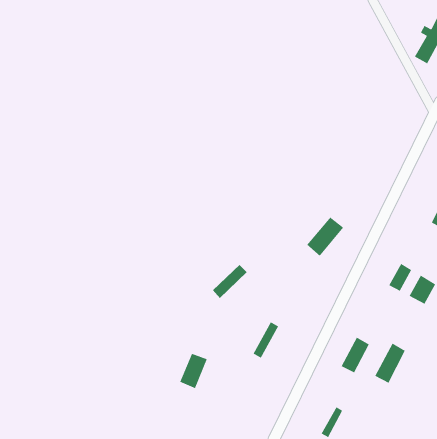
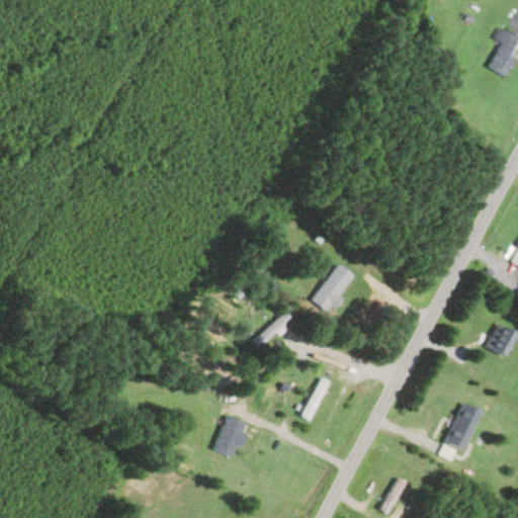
building: [306,216,344,257] -> [313,264,357,312]
building: [388,263,412,292] -> none
building: [341,337,370,373] -> none

